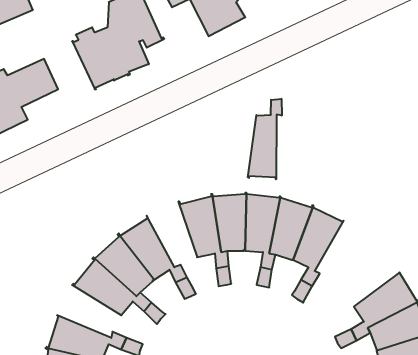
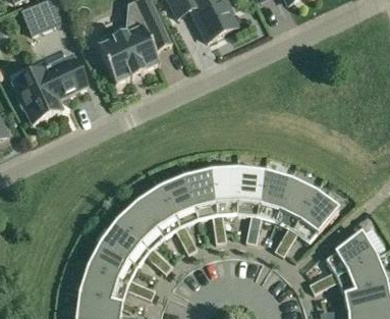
building: [248,99,282,179] -> none
building: none -> [157,173,198,226]
building: none -> [292,189,338,241]
building: none -> [85,241,136,283]

